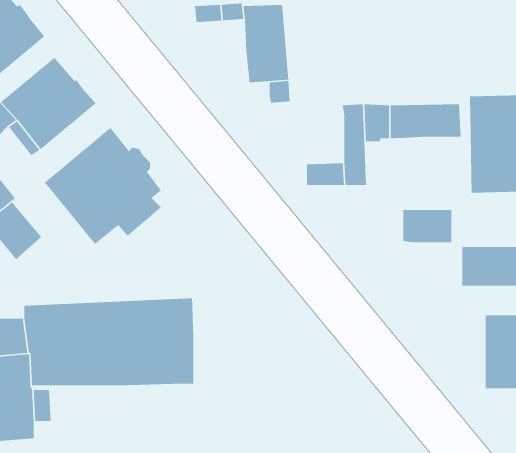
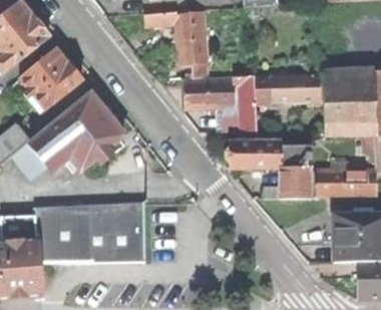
building: none -> [184,78,235,108]
building: none -> [30,128,71,171]
building: none -> [231,140,280,167]
building: none -> [265,168,312,199]

